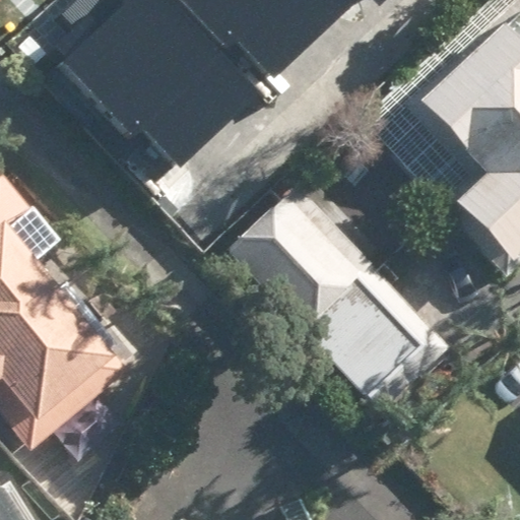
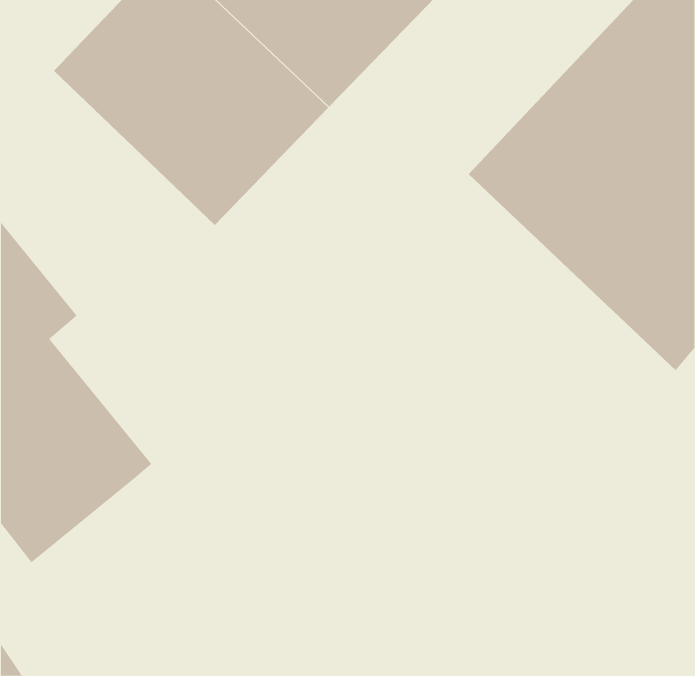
building: [242,202,446,405] -> none

